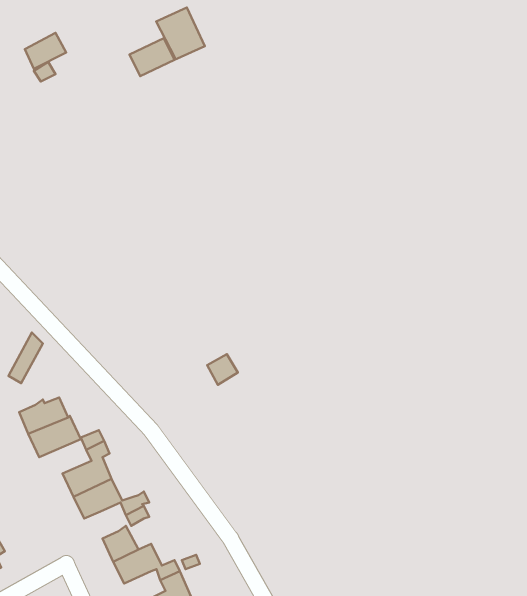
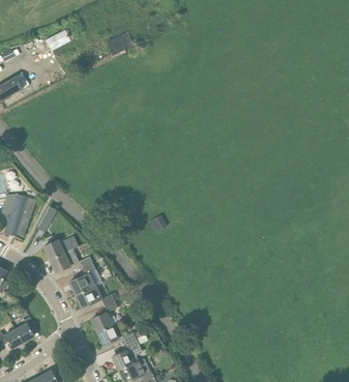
building: [156,8,205,60] -> none

